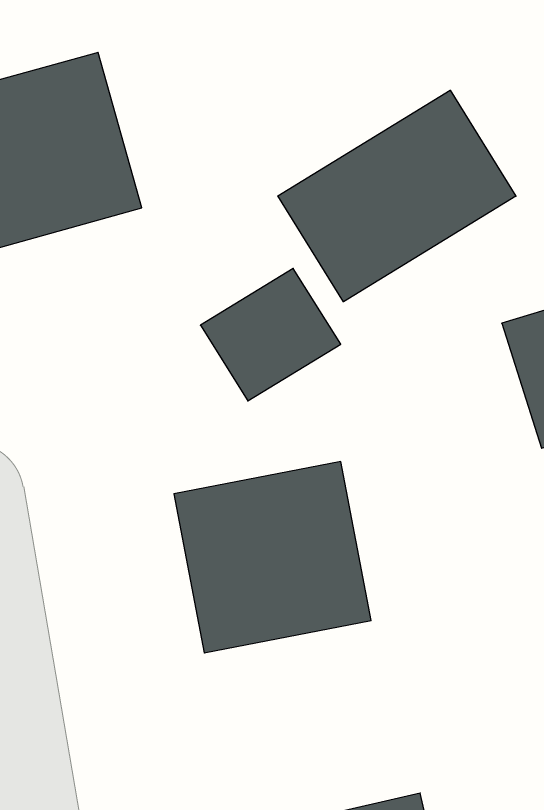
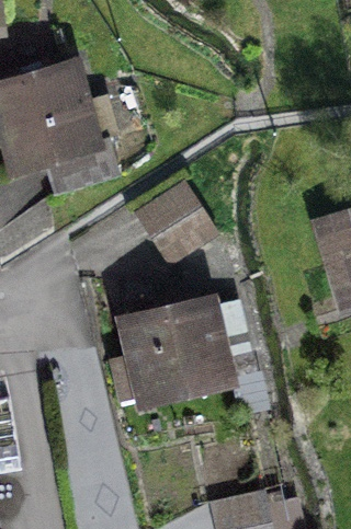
building: [278,90,516,302] -> none

